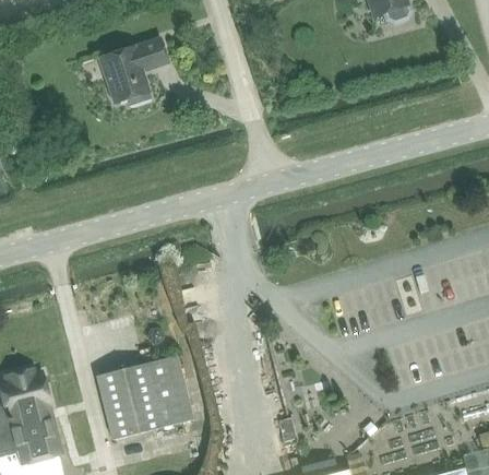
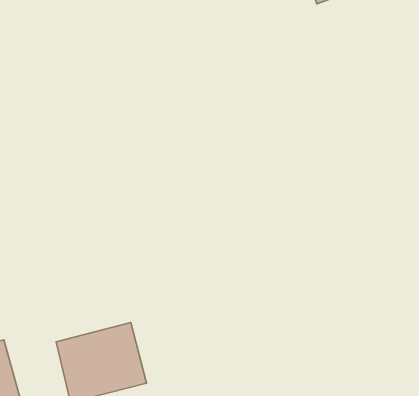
building: [99,37,167,104] -> none

